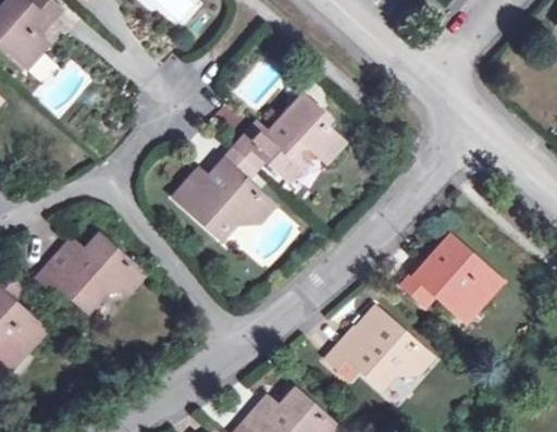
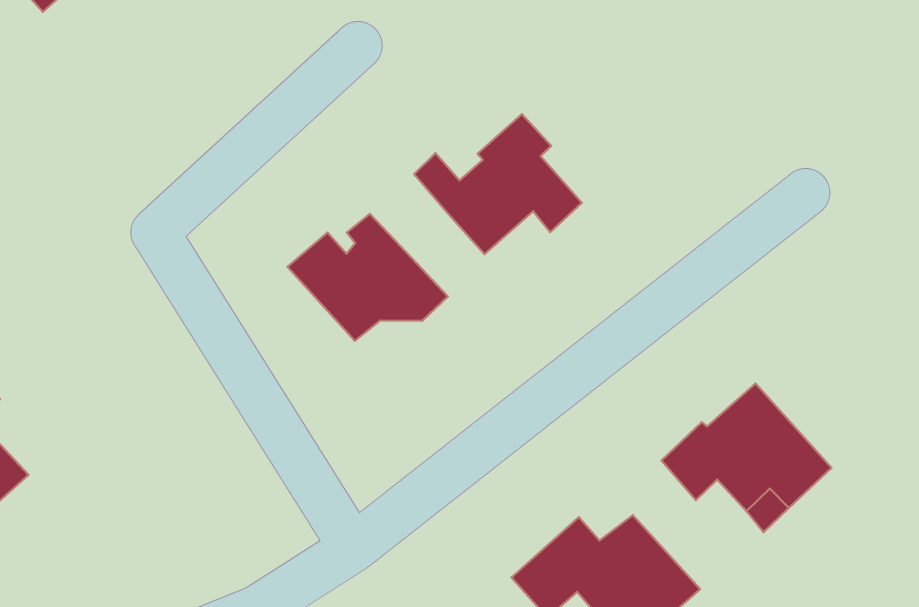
building: [222,137,267,182] -> none
building: [37,235,141,303] -> none

